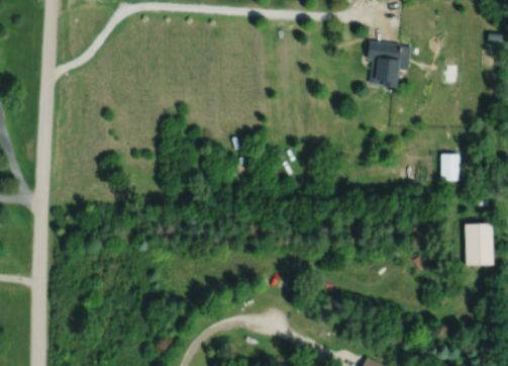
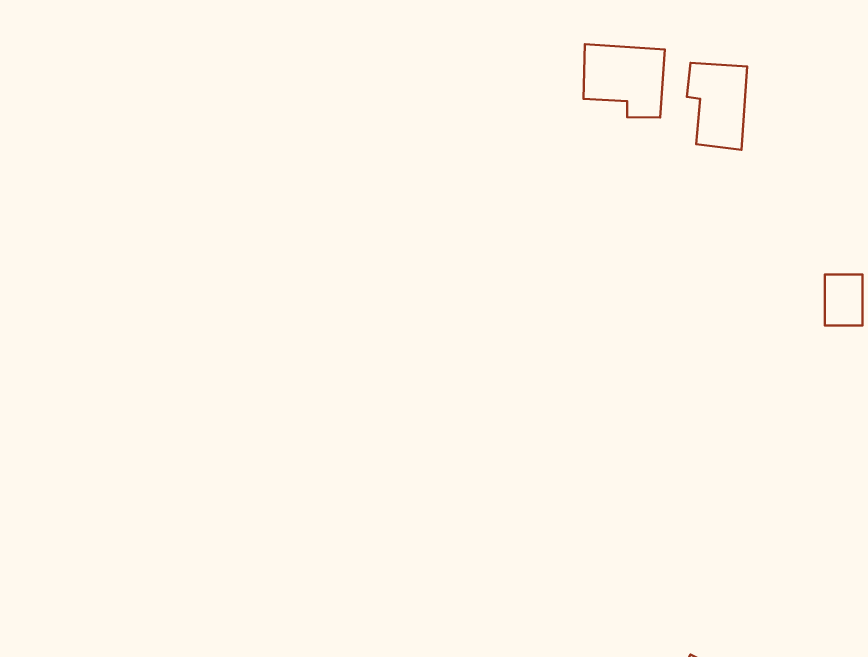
building: none -> [584,44,665,118]

